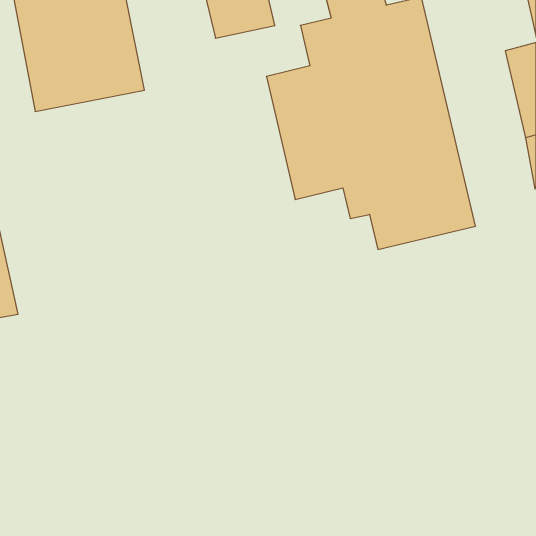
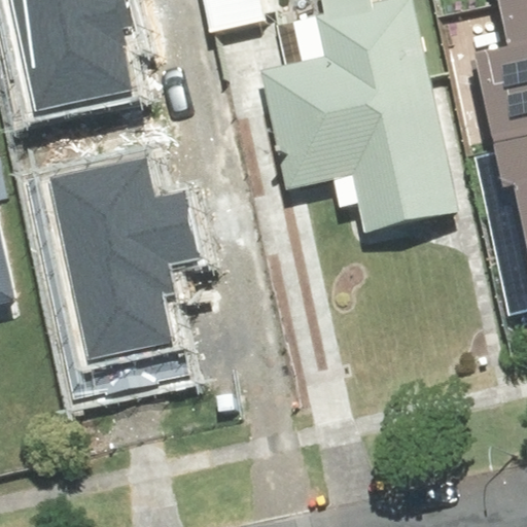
building: none -> [44,152,202,356]

